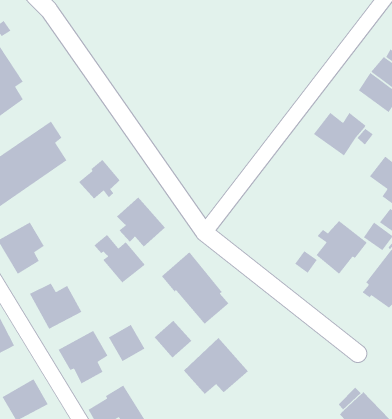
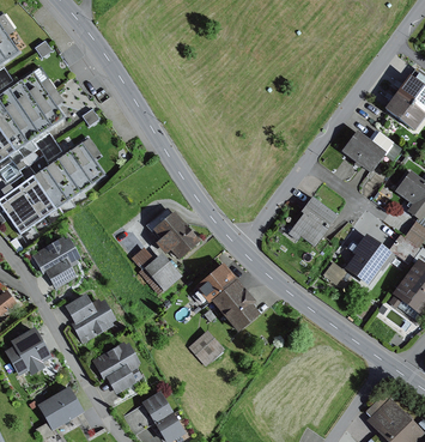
building: [78,159,120,199] -> none
building: none -> [287,196,336,247]
building: [108,324,145,362] -> none
building: [183,337,249,395] -> none

